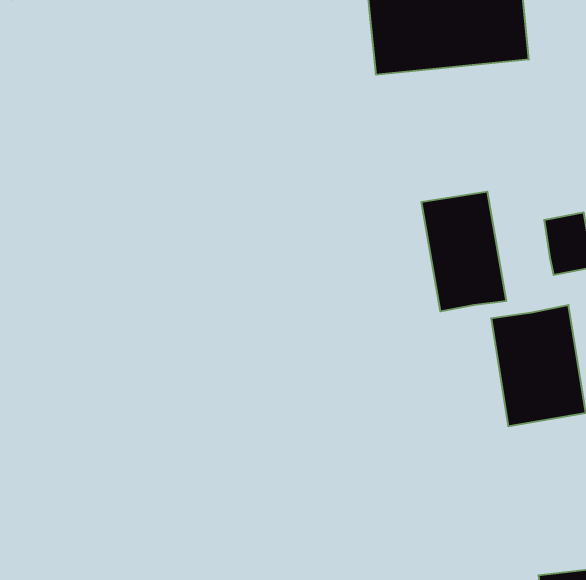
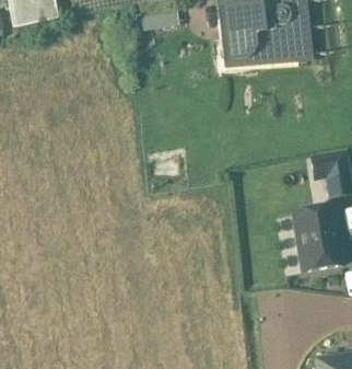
building: [422,192,506,311] -> none

